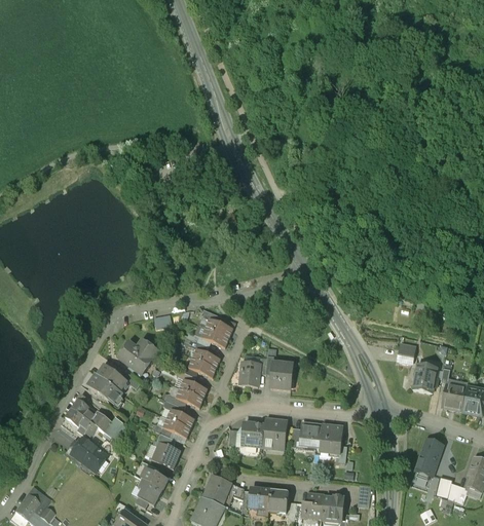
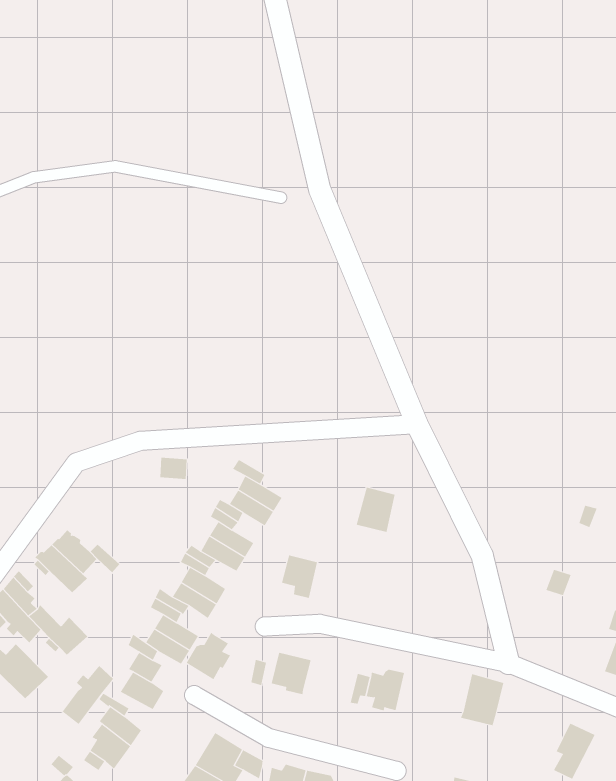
building: [119,340,156,373] -> none
building: [271,363,293,388] -> [356,487,396,532]
building: [413,365,437,392] -> none
building: none -> [186,632,231,680]
building: [262,418,287,448] -> none
building: [319,423,342,453] -> [460,673,504,726]
building: none -> [62,665,114,725]

